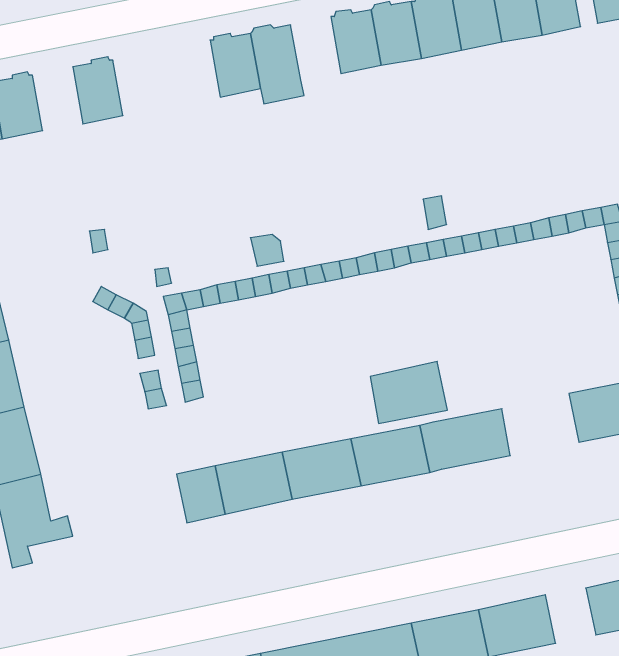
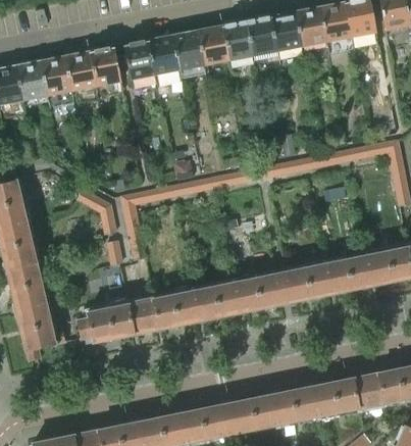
building: none -> [198,26,228,64]
building: none -> [123,40,155,79]
building: none -> [90,47,121,86]
building: none -> [41,54,71,95]
building: [370,361,447,423] -> [326,255,373,293]
building: none -> [76,304,135,342]
building: none -> [353,374,383,407]

